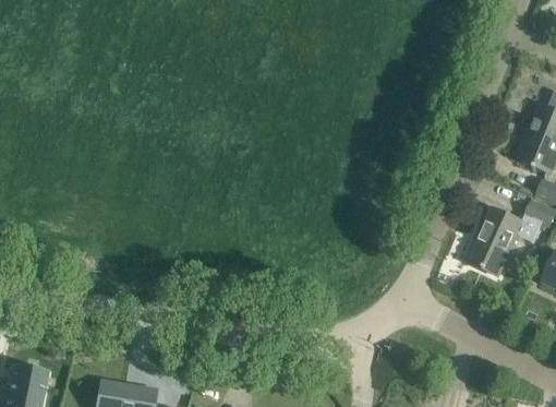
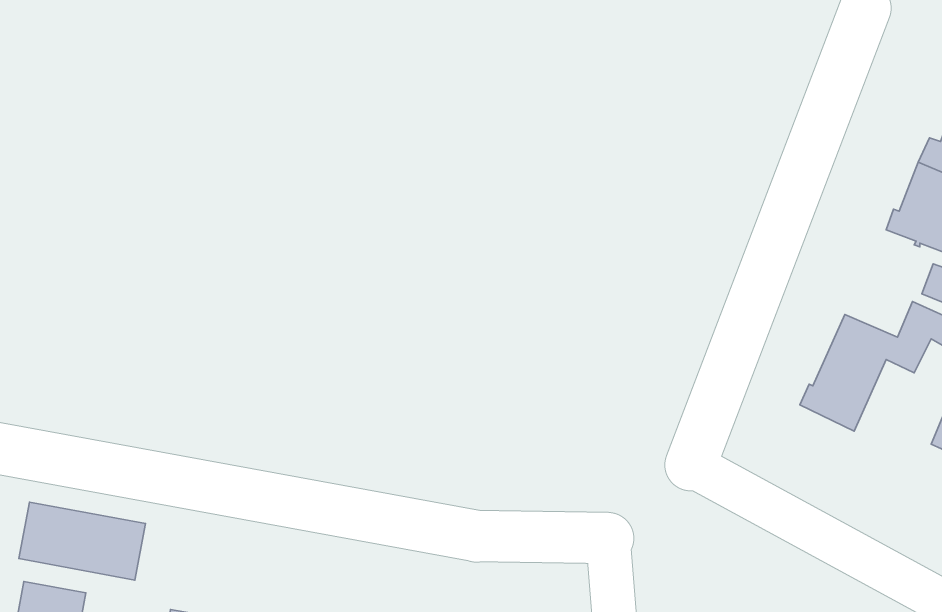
building: none -> [19,502,146,580]

